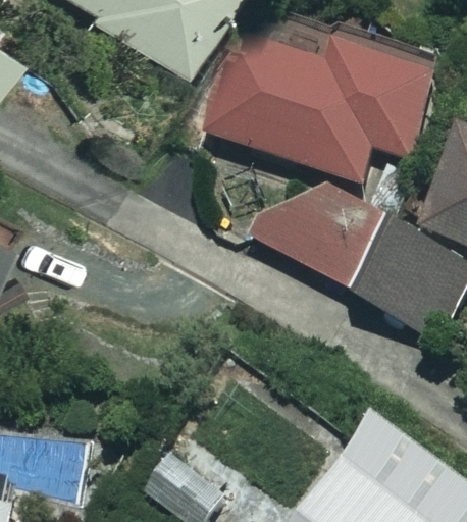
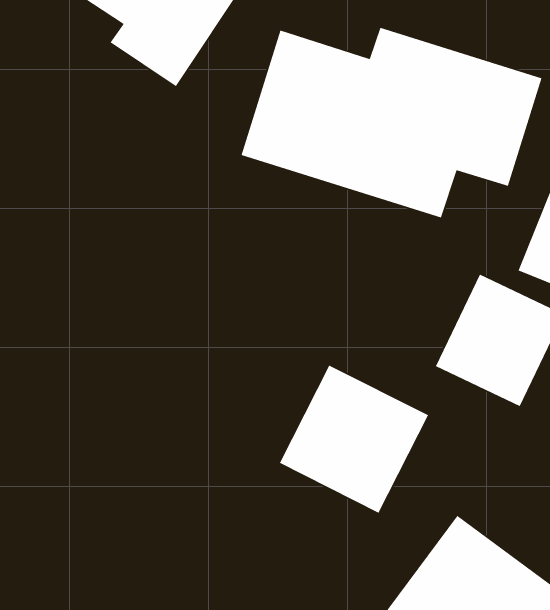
building: [261,177,376,283] -> none
building: none -> [279,364,429,514]

